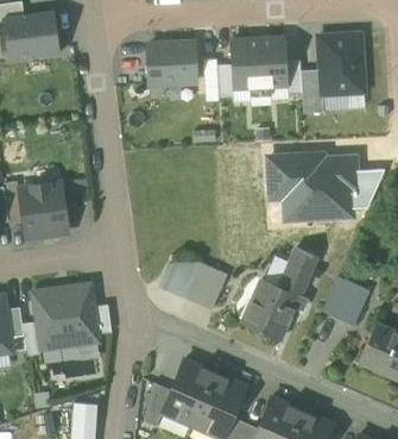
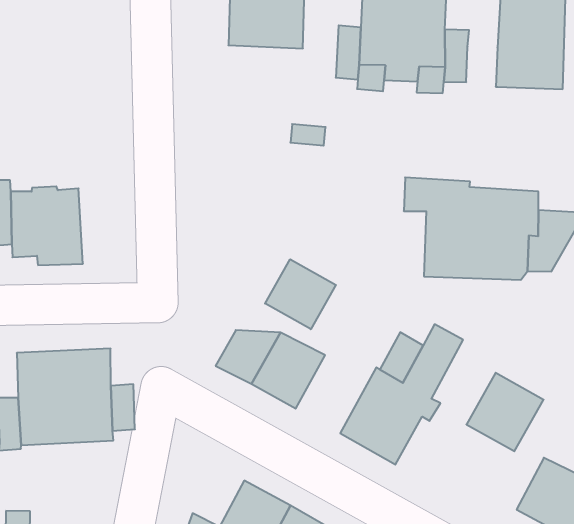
building: [301,69,323,112] -> none
building: none -> [265,259,336,329]

